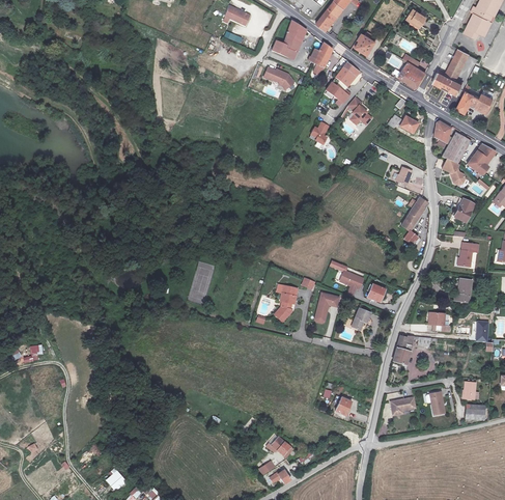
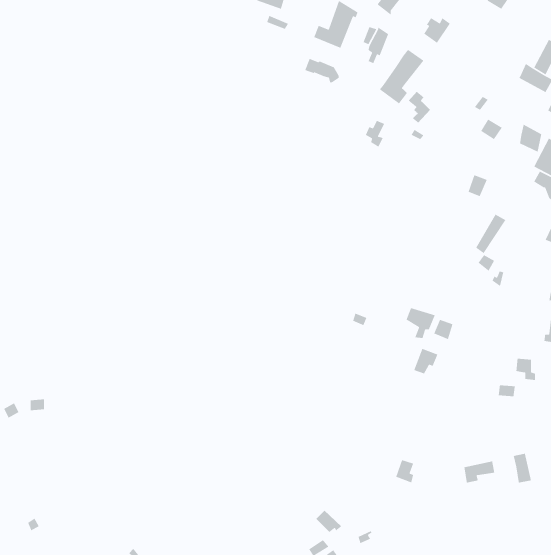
building: [399,59,426,89] -> none
building: [271,284,294,323] -> none
building: [316,293,342,326] -> none
building: [393,334,416,364] -> none

